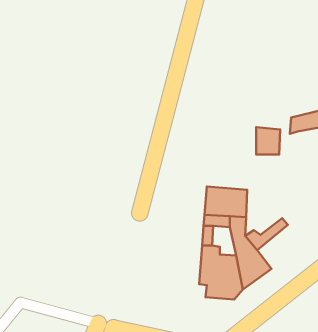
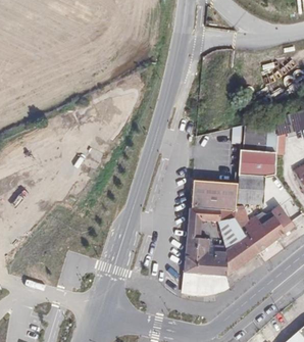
building: none -> [238,151,273,176]
building: none -> [238,180,261,206]
building: none -> [243,217,292,258]

